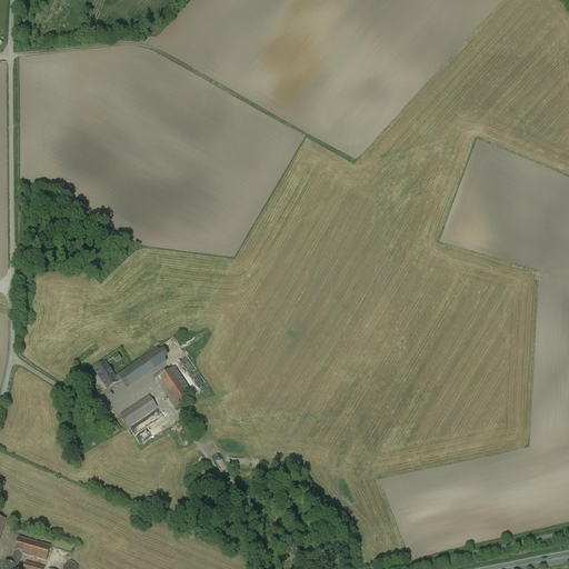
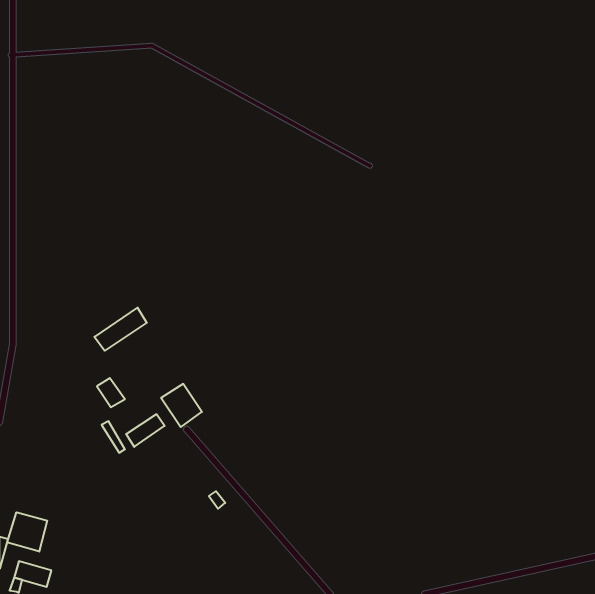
building: [116,347,166,388] -> [94,308,147,351]
building: none -> [7,512,47,552]

